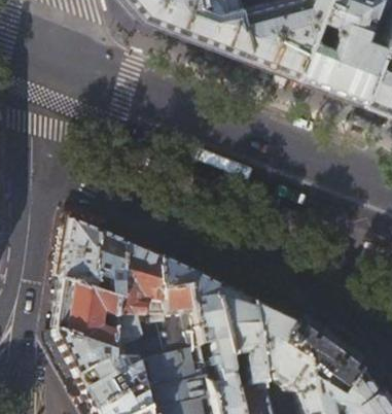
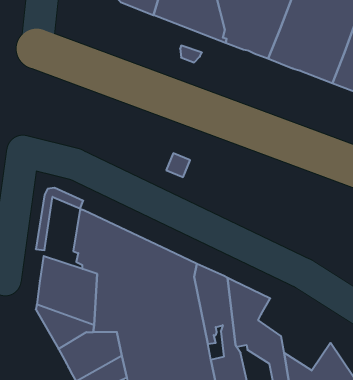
building: [65,218,105,294] -> none
building: [288,324,363,400] -> none

